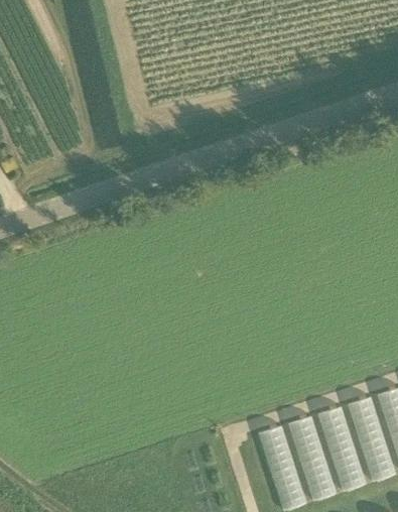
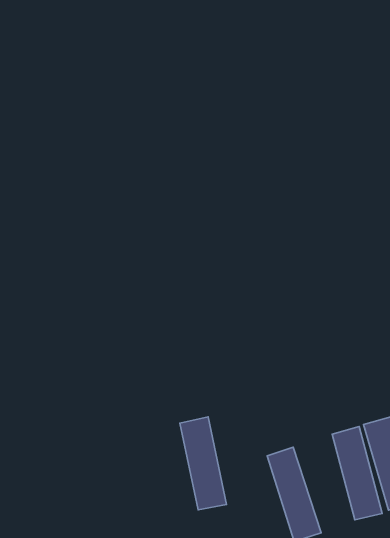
building: [290,414,334,501] -> [180,417,227,510]

